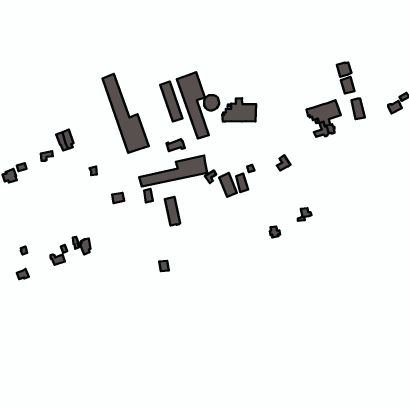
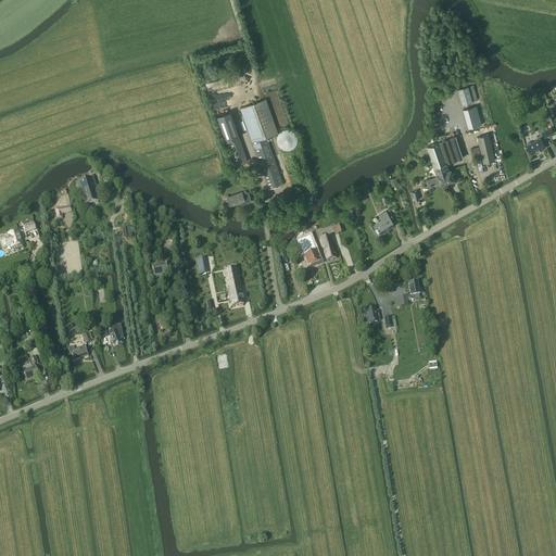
building: [102,74,149,153] -> none
building: [222,98,256,122] -> none
building: [139,156,207,187] -> none

